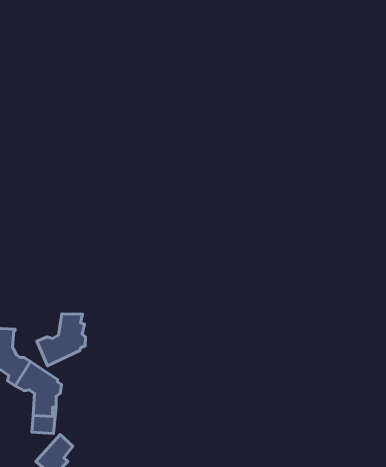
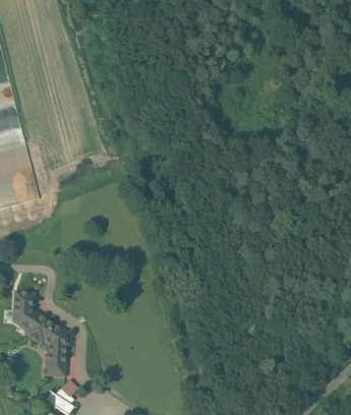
building: [37,314,86,366] -> none

